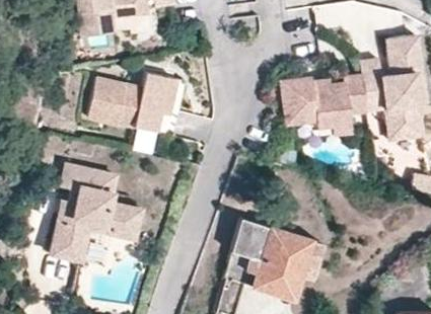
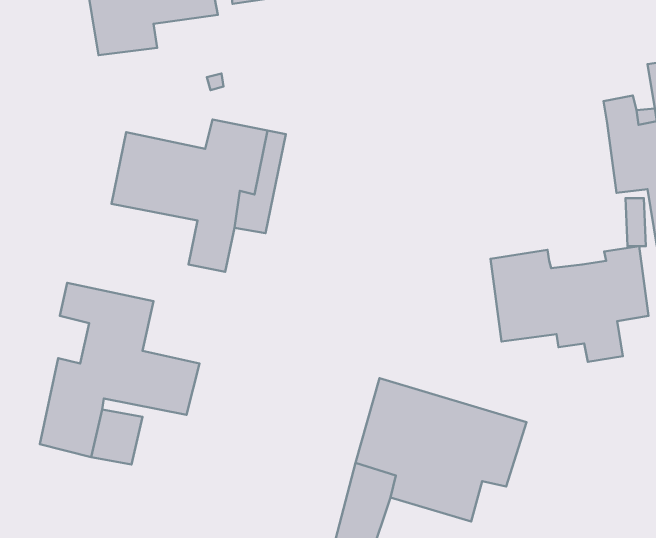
building: [282,74,369,138] -> [490,246,648,362]

